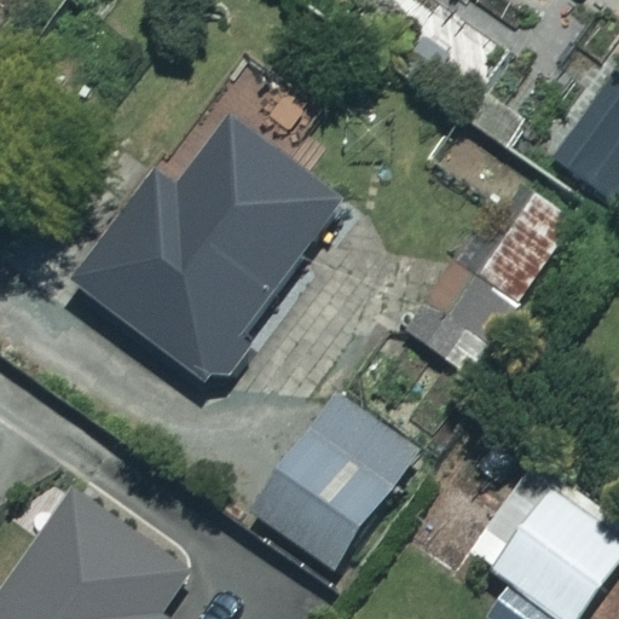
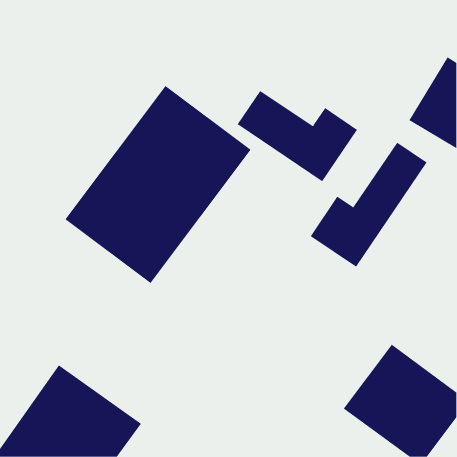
building: none -> [237,90,358,182]
building: [250,395,415,569] -> none

